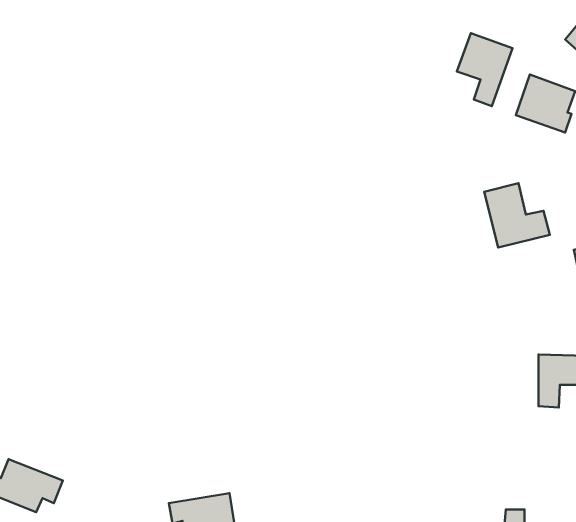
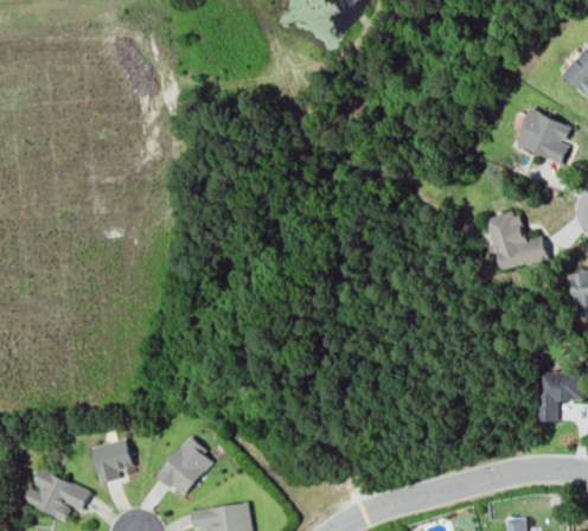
building: [457,33,513,106] -> none
building: none -> [156,437,215,498]
building: none -> [91,439,134,485]

